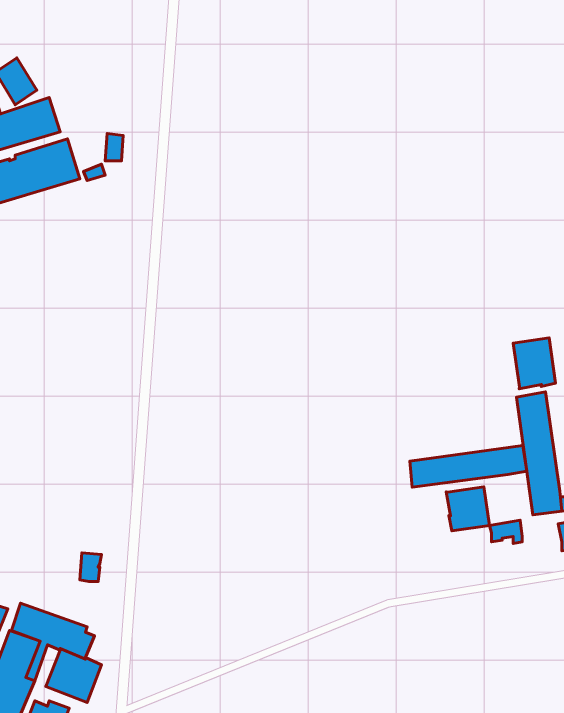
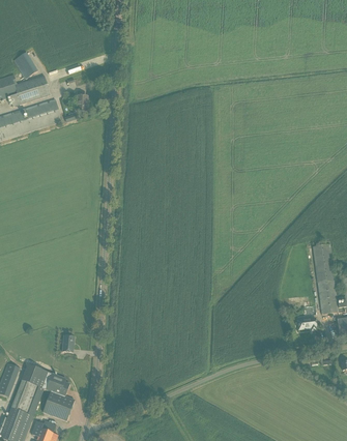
building: [513,338,555,389] -> none
building: [410,445,527,487] -> none
building: [446,487,490,531] -> none

